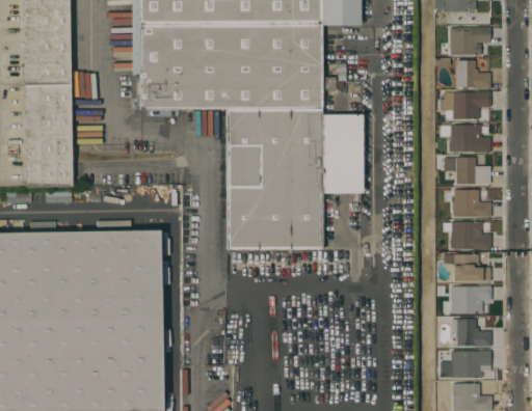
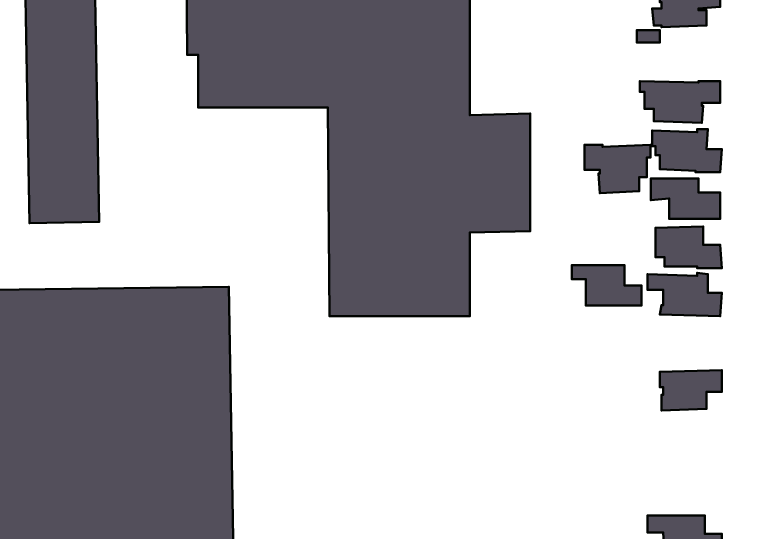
building: [455,60,490,87] -> none
building: none -> [585,145,651,193]
building: [444,253,490,280] -> [572,265,641,306]
building: [436,316,491,346] -> none
building: [440,350,490,378] -> none

